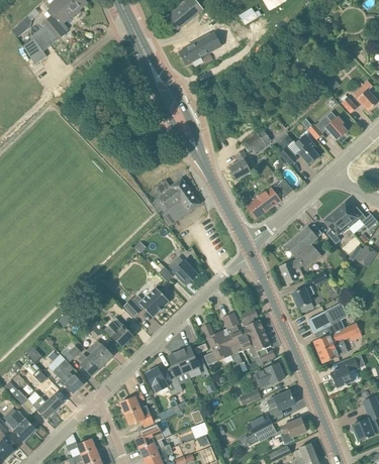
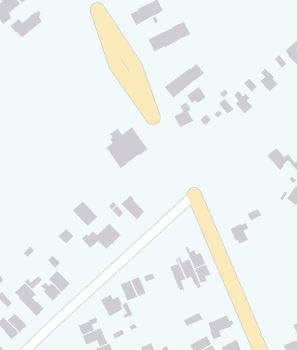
building: none -> [9,10,43,38]
building: none -> [148,21,191,52]
building: [247,179,293,219] -> [164,63,205,99]
building: [323,211,349,243] -> none
building: [279,224,322,284] -> none
building: [307,303,361,363] -> none
building: [104,318,133,347] -> [72,201,98,227]
building: [202,322,231,363] -> none
building: [330,356,359,388] -> none
building: [254,362,284,386] -> none

